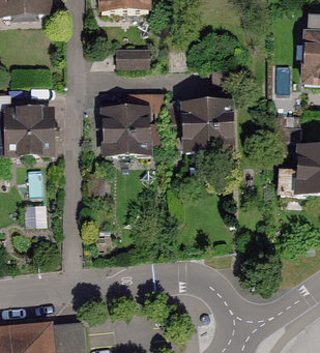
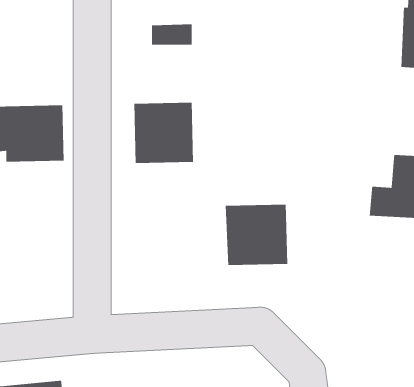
building: [184,106,232,152] -> [225,204,288,266]

